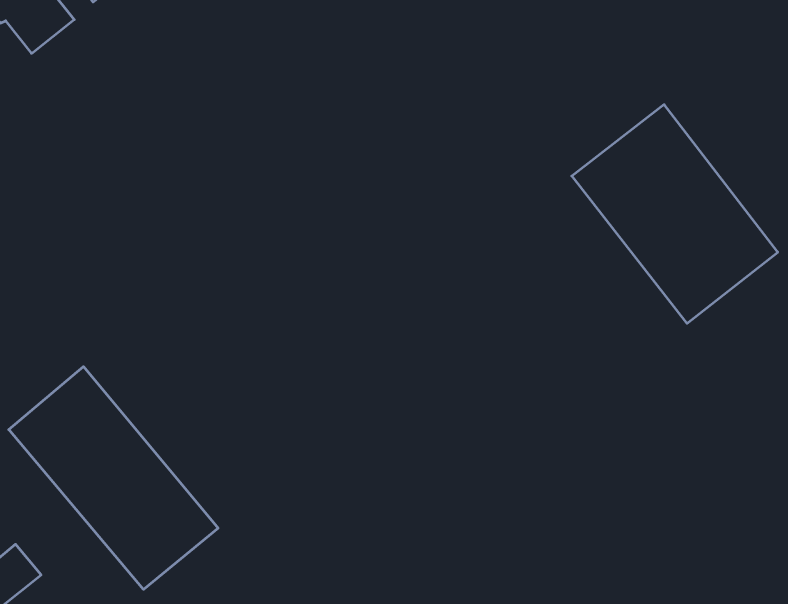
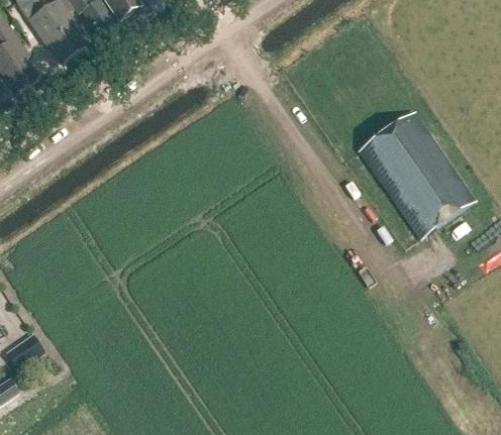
building: [9,367,218,589] -> none

